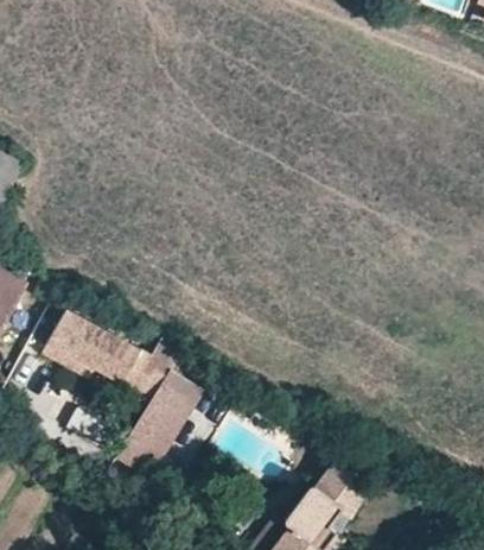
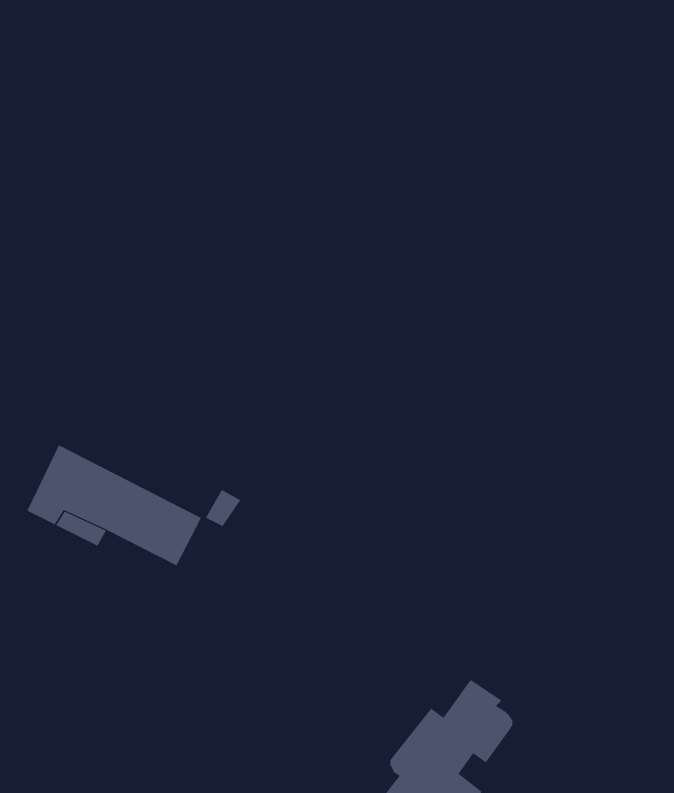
building: [114,371,202,480] -> none

